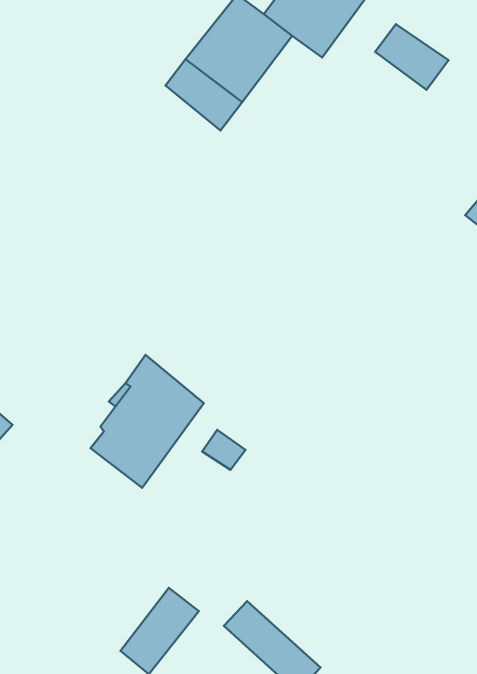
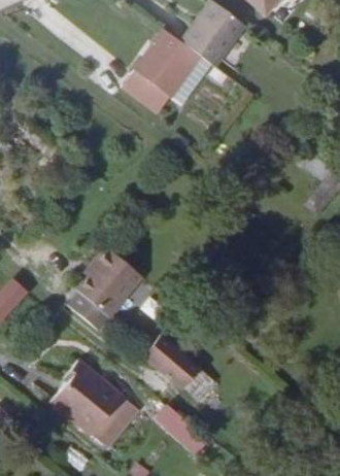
building: [375,24,449,90] -> none
building: none -> [147,343,204,395]
building: none -> [52,361,123,435]

